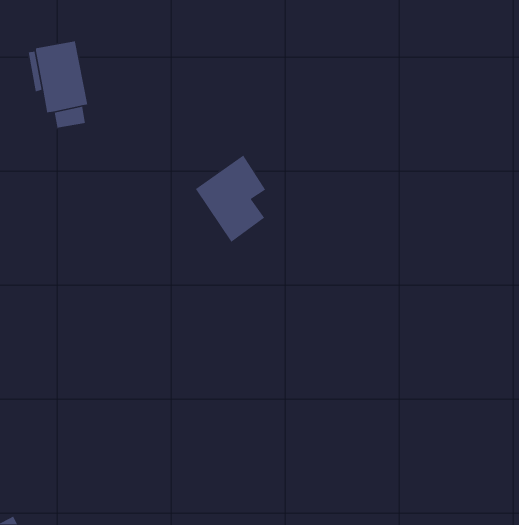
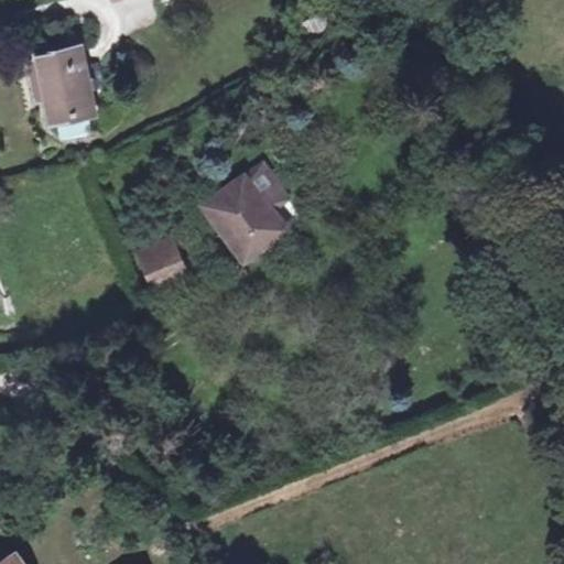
building: none -> [143,242,184,291]

